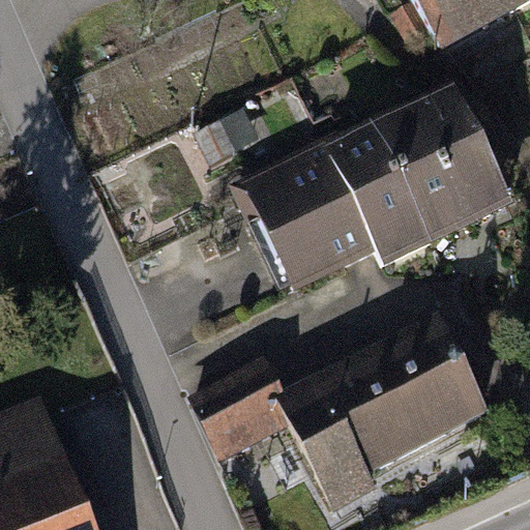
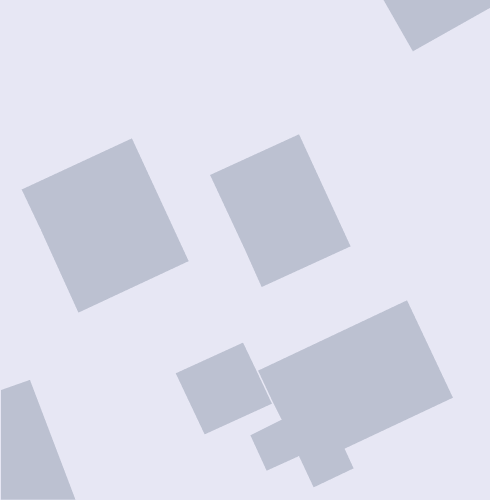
building: [328,84,508,260] -> none
building: none -> [21,137,189,313]

